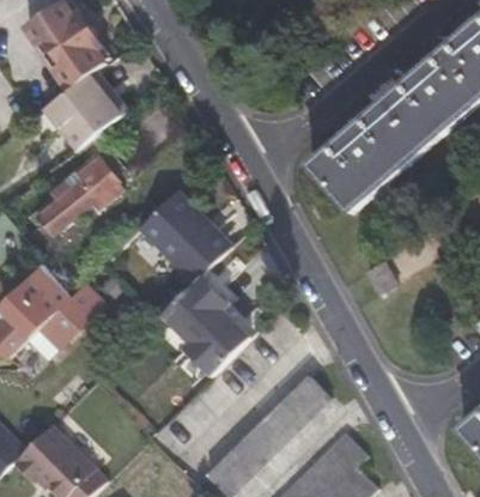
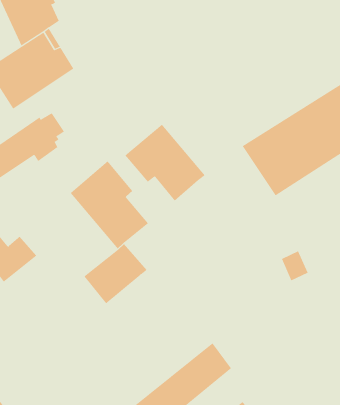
building: none -> [124,124,205,201]
building: [180,310,244,377] -> none

